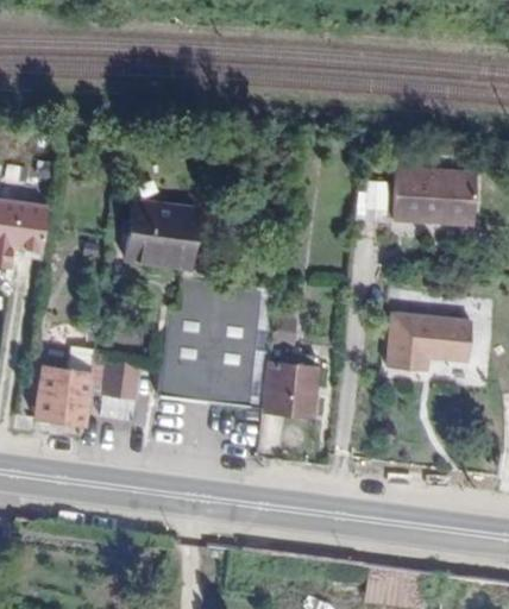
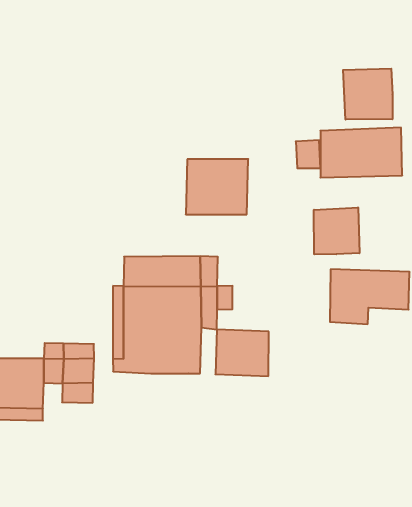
building: none -> [343,69,392,120]
building: [125,201,194,263] -> [186,159,248,214]
building: none -> [314,207,359,254]

